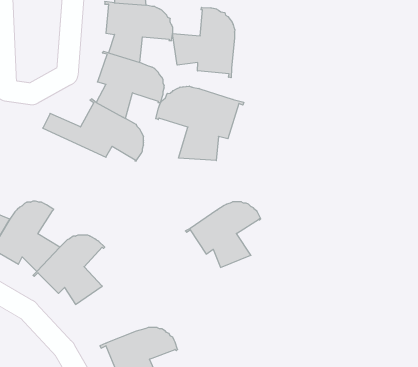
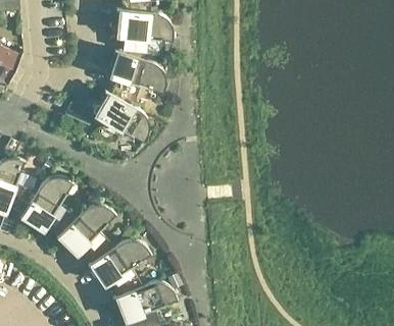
building: [173,7,235,78] -> none
building: [156,86,244,161] -> none
building: [185,202,261,267] -> [86,240,149,295]

